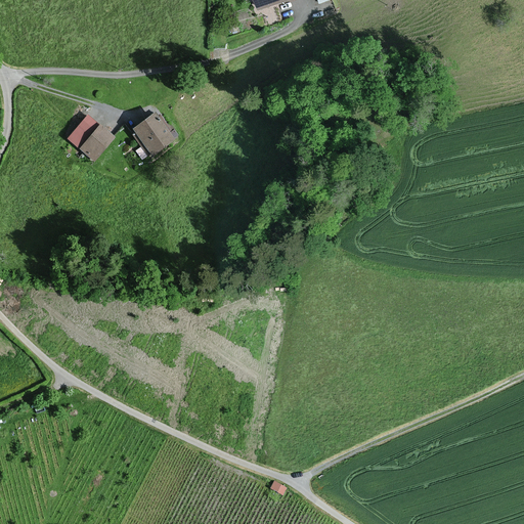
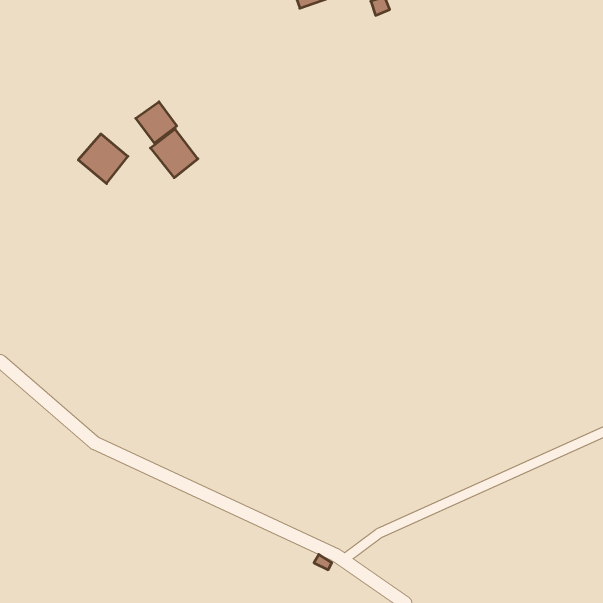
building: none -> [136,102,177,143]

